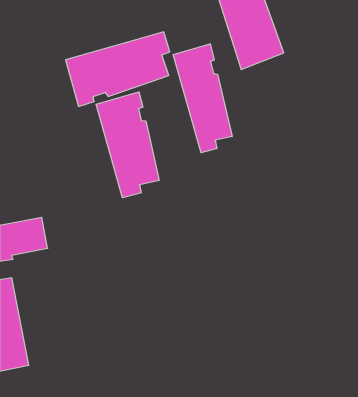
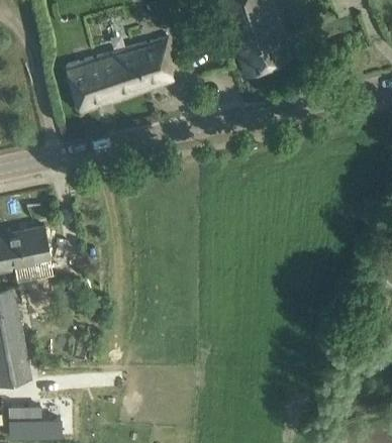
building: [173,44,232,153] -> none
building: [96,92,159,198] -> none

